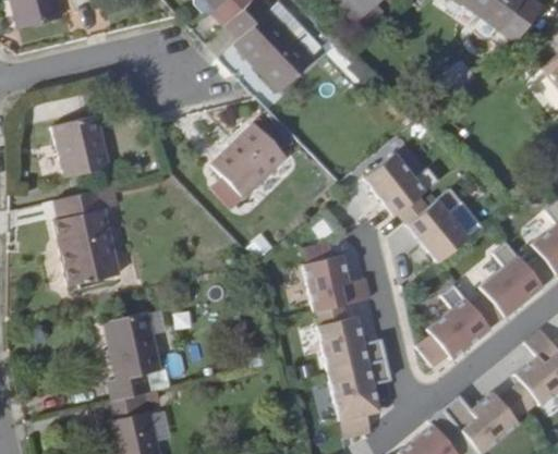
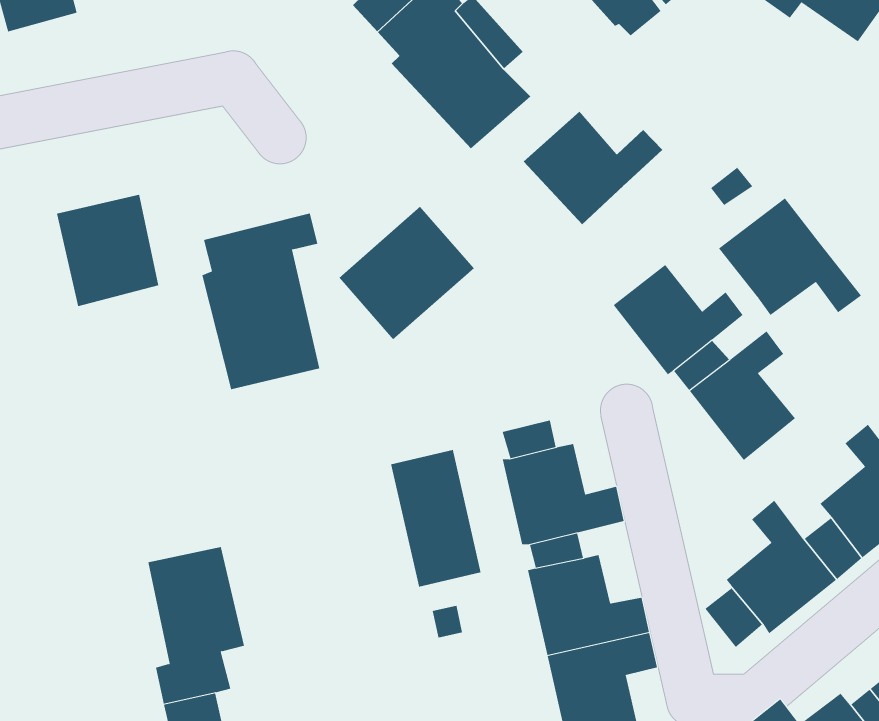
building: none -> [523,111,663,225]
building: none -> [718,197,862,316]
building: [53,186,120,285] -> [201,213,320,390]
building: none -> [391,449,481,587]

